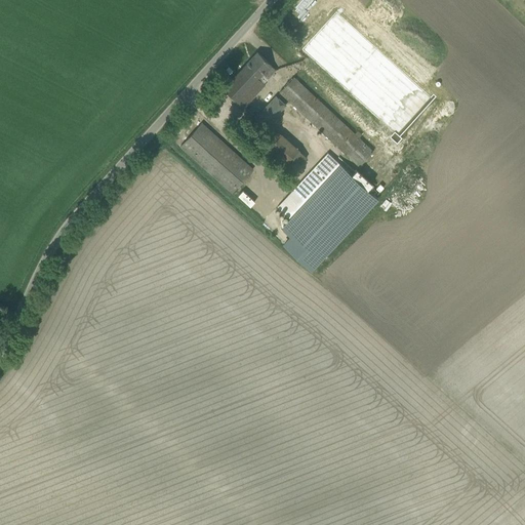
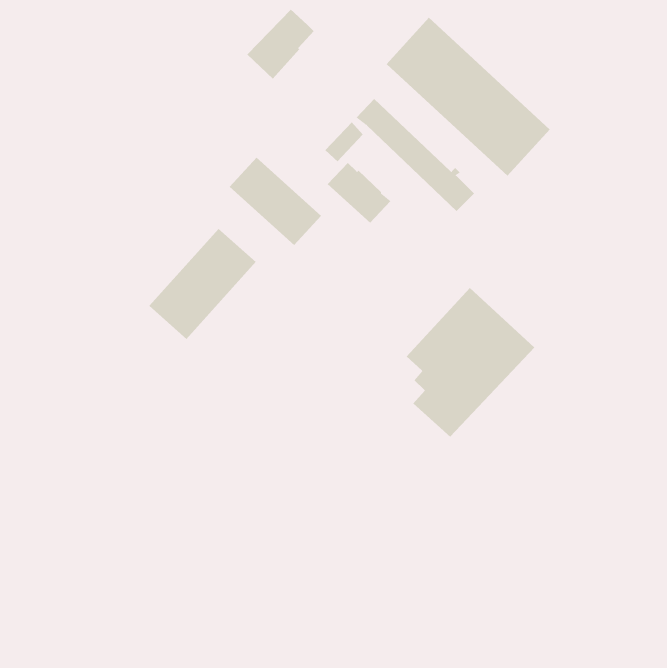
building: [224,52,277,108] -> [247,9,315,79]
building: [278,153,379,271] -> [406,287,535,438]
building: none -> [149,228,257,340]

